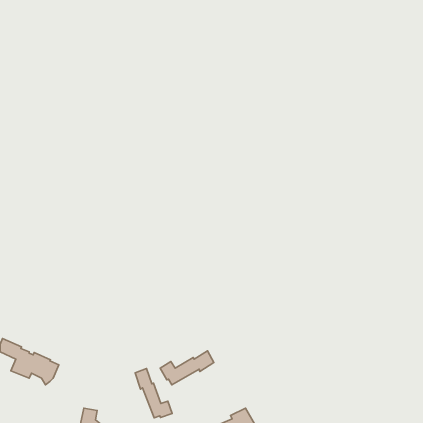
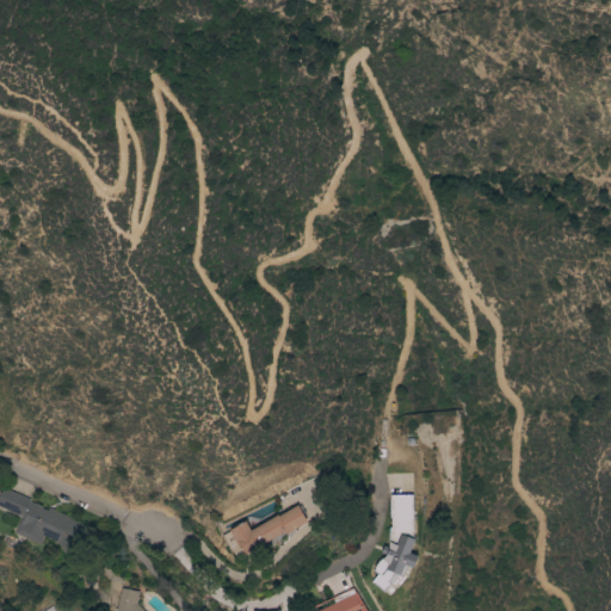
building: none -> [374,496,420,593]
building: [135,369,172,418] -> none

